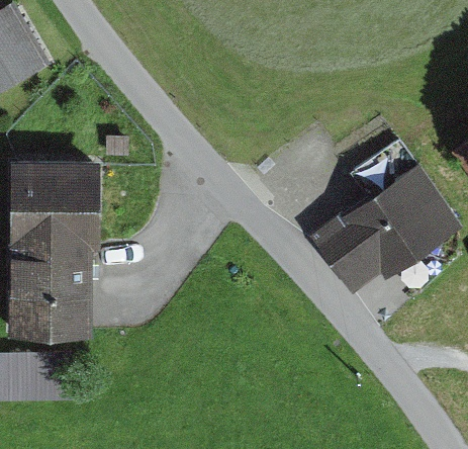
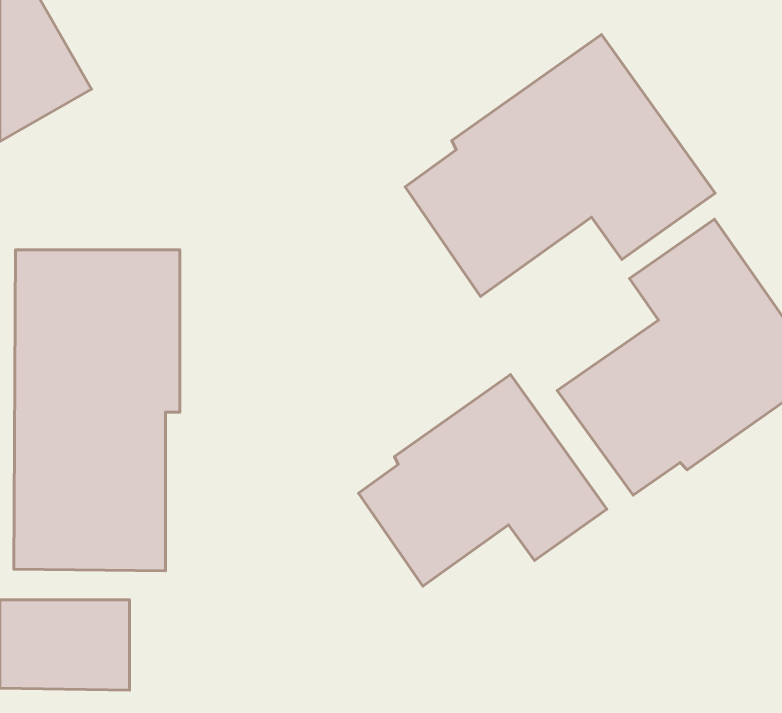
building: none -> [405,35,715,297]
building: none -> [359,374,607,586]

